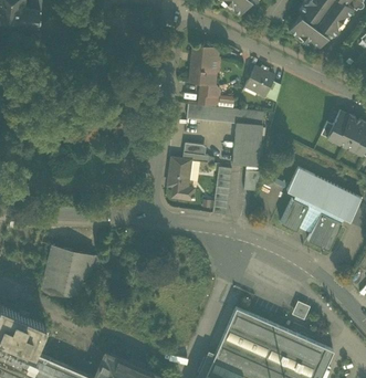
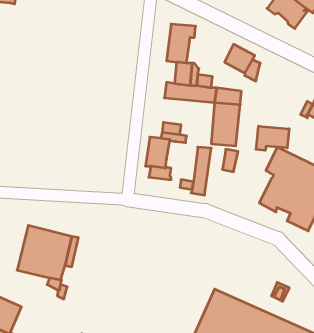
building: none -> [256,126,289,150]

